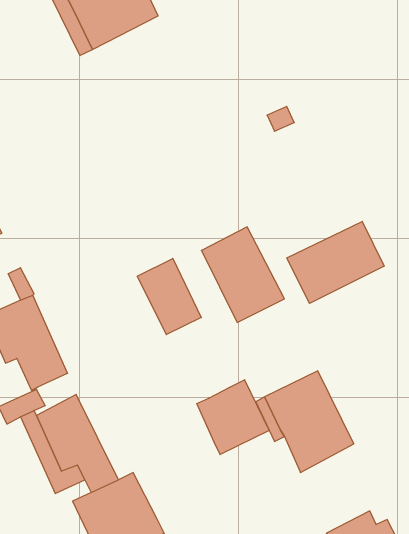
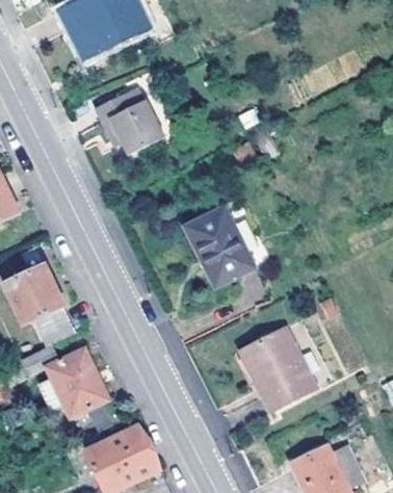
building: none -> [94,90,164,155]
building: [287,221,384,303] -> none
building: [137,258,201,335] -> none
building: [197,380,269,455] -> none

